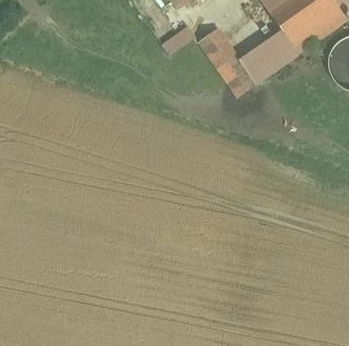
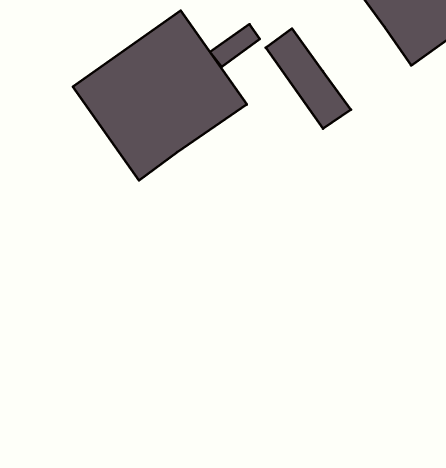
building: none -> [73,11,247,180]
building: [238,27,298,83] -> none

